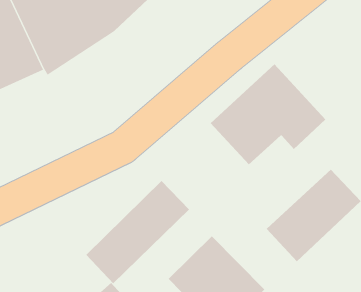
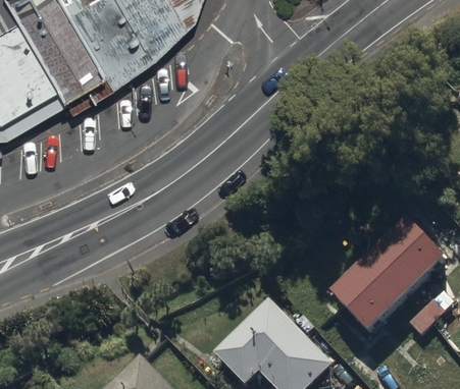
building: [210,64,326,165] -> none
building: [86,180,190,284] -> none

